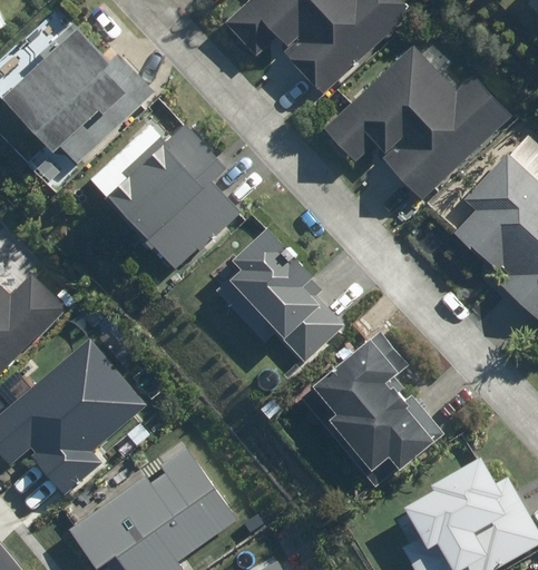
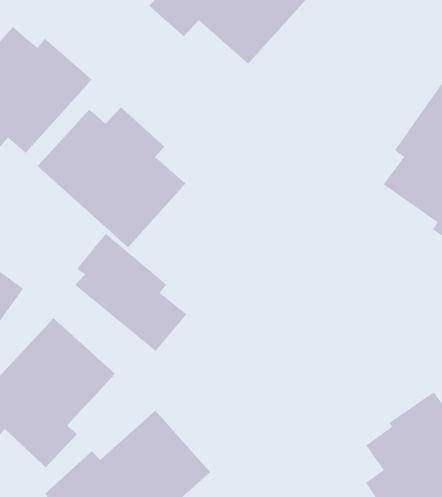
building: [323,46,512,200] -> none
building: [227,228,342,358] -> [75,233,187,352]
building: [301,331,444,490] -> none

